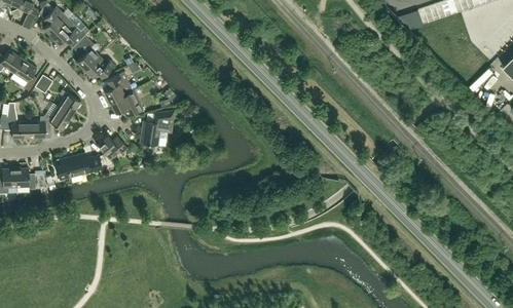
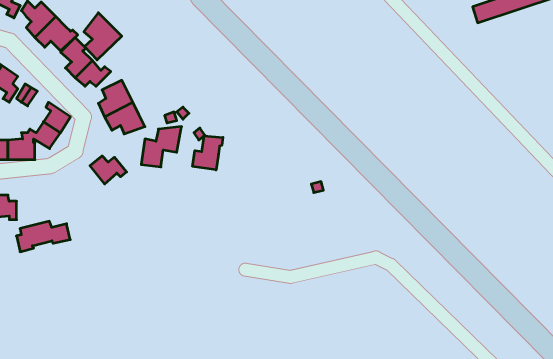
building: none -> [84,13,122,60]
building: none -> [193,136,223,170]
building: [57,154,102,180] -> [16,221,70,252]

